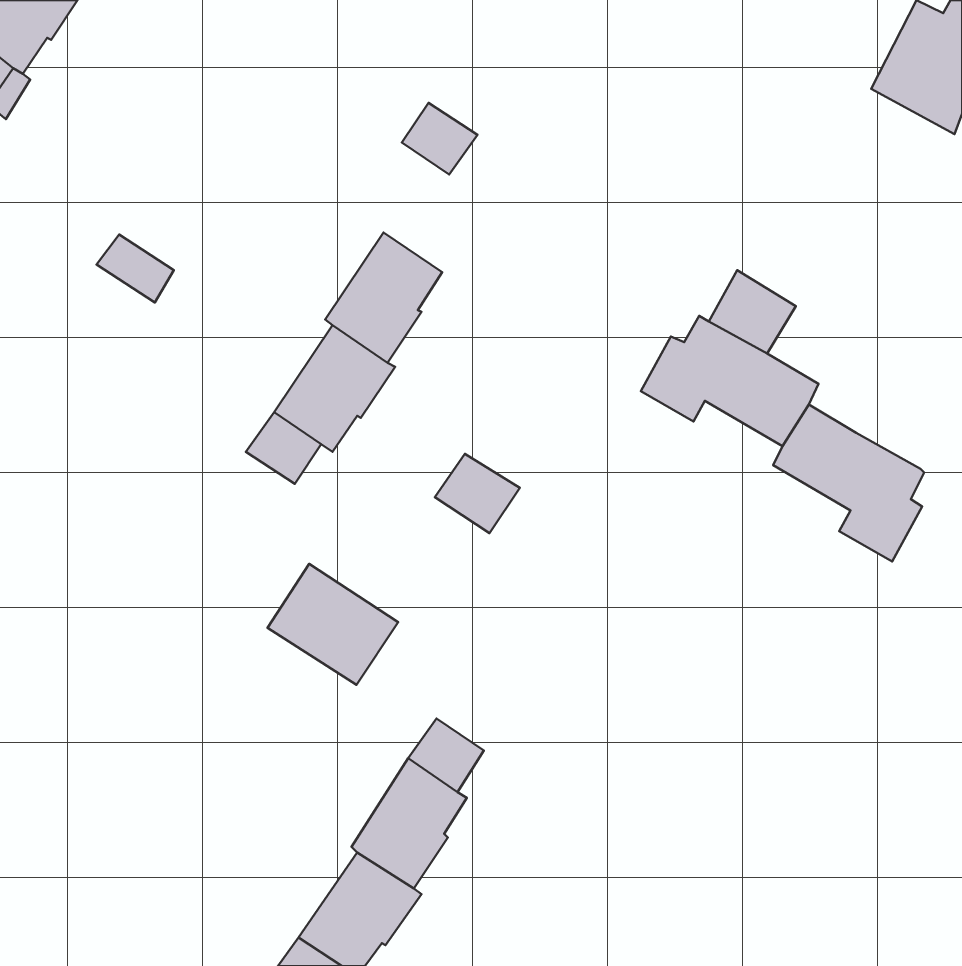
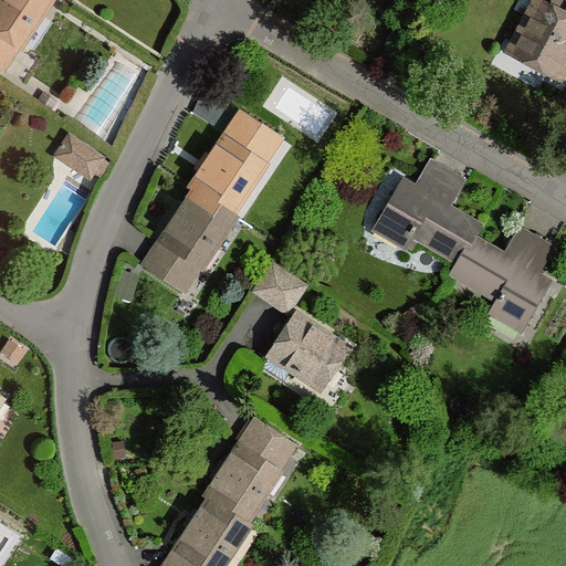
building: [402,103,478,175] -> [224,113,269,155]
building: none -> [501,224,554,274]
building: [268,564,398,685] -> [270,316,346,387]

